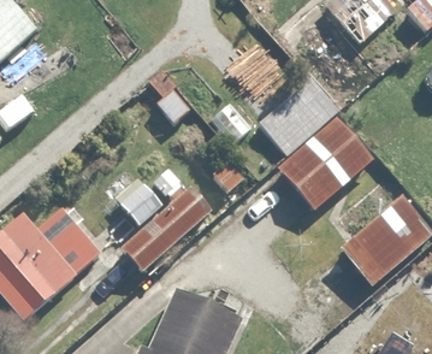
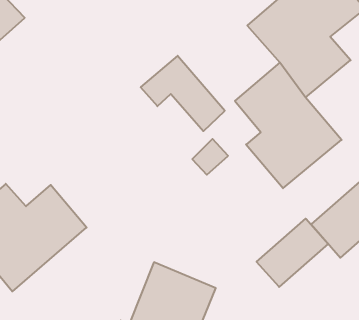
building: [114,161,213,275] -> none
building: none -> [257,219,328,287]

